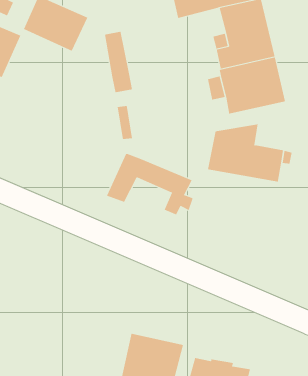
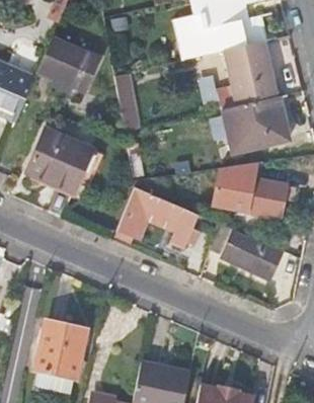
building: none -> [27,131,90,187]
building: none -> [220,229,284,280]
building: none -> [33,323,85,392]

